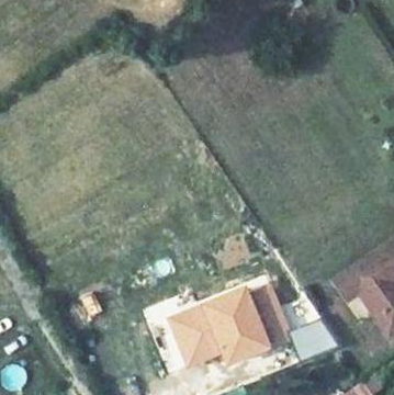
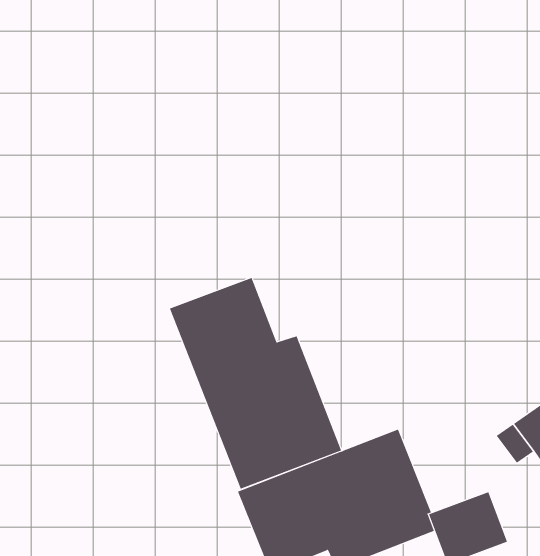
building: none -> [169,277,342,490]

